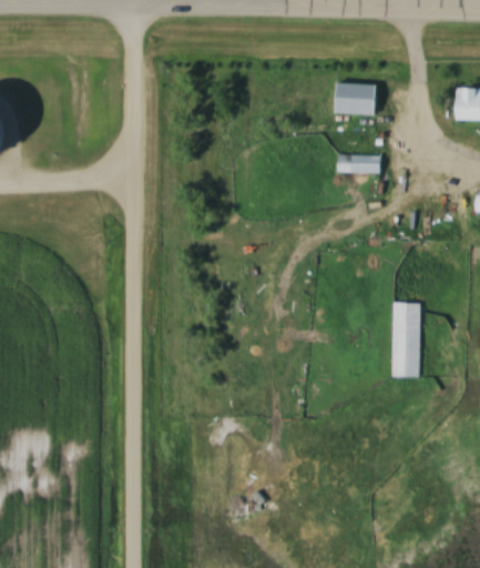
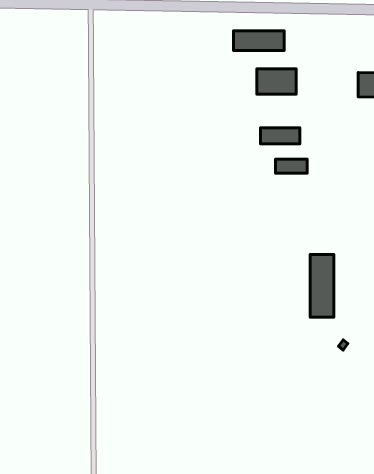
building: none -> [234,31,284,51]
building: none -> [276,159,307,173]

